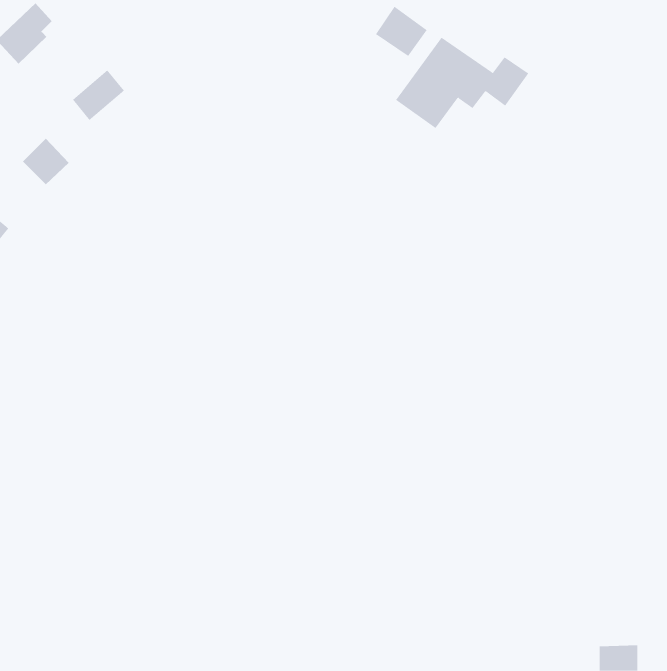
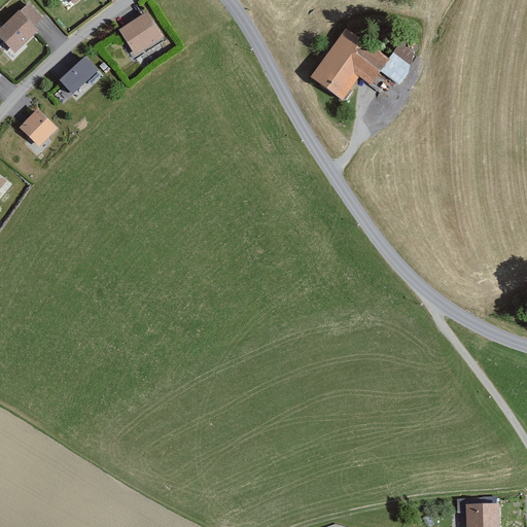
building: [375,6,428,57] -> none
building: none -> [116,11,161,55]

